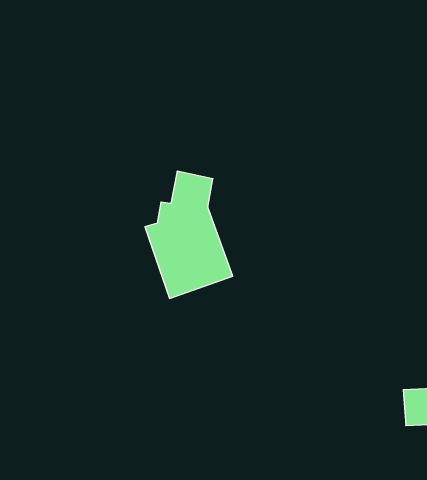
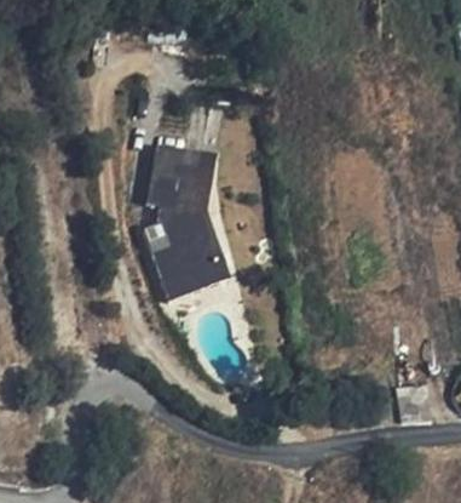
building: none -> [148,145,217,207]

